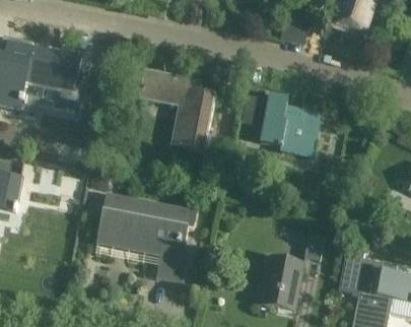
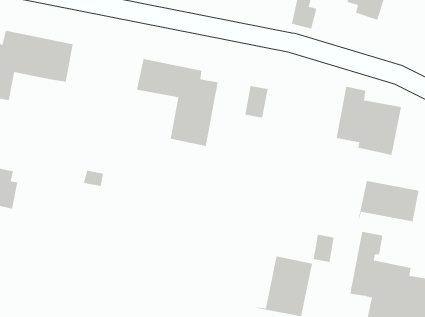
building: [259,91,321,156] -> [336,86,402,156]
building: none -> [358,180,419,222]
building: [97,192,197,281] -> none

